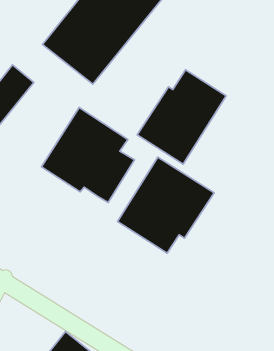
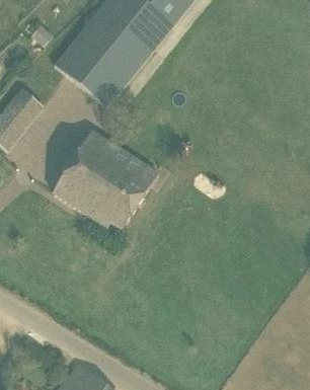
building: [137,70,226,164] -> none
building: [118,157,214,253] -> none

